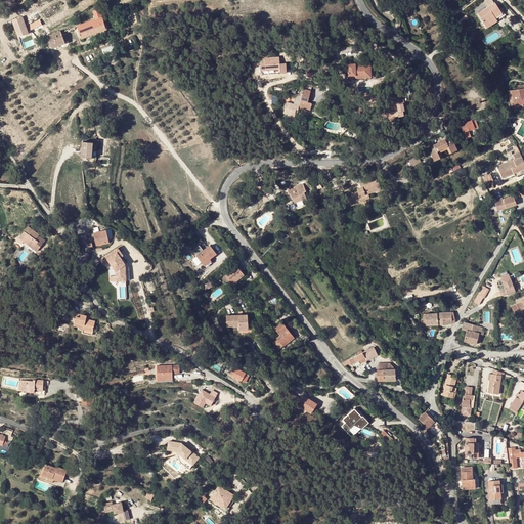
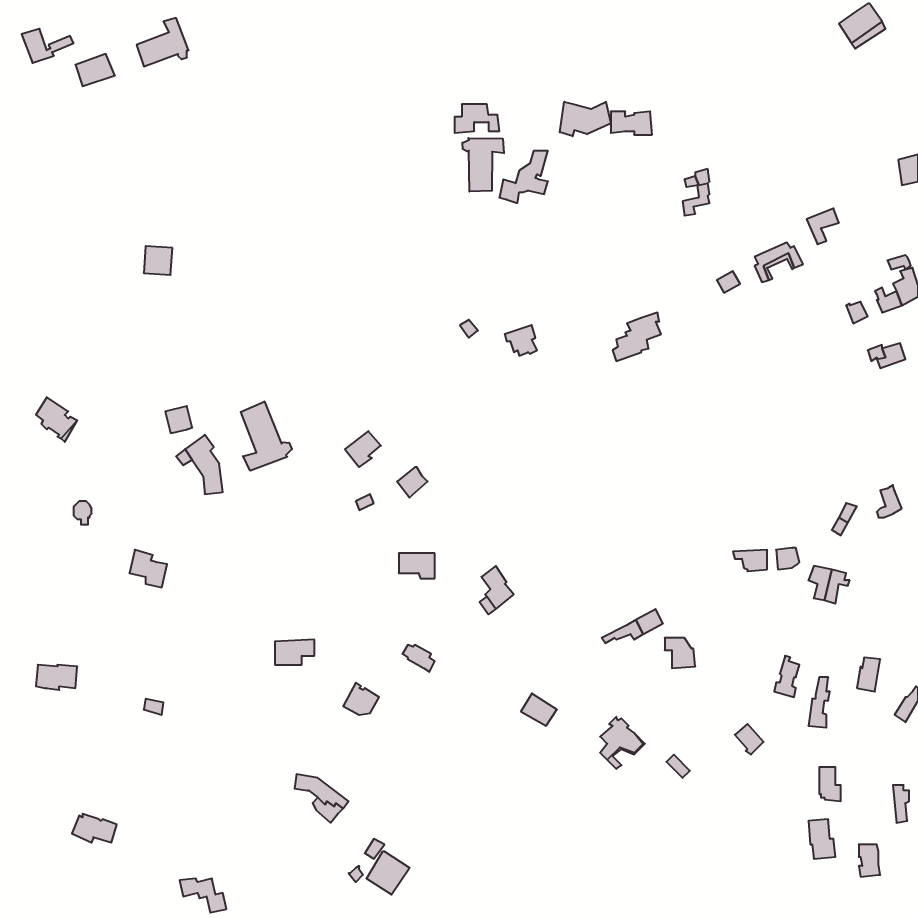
building: none -> [560,102,611,136]
building: none -> [462,138,504,192]
building: none -> [241,401,292,471]

